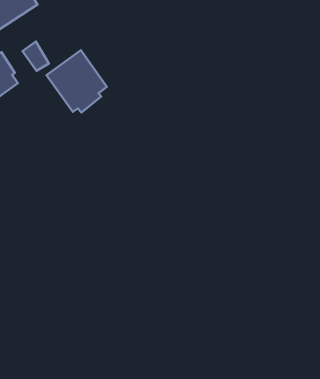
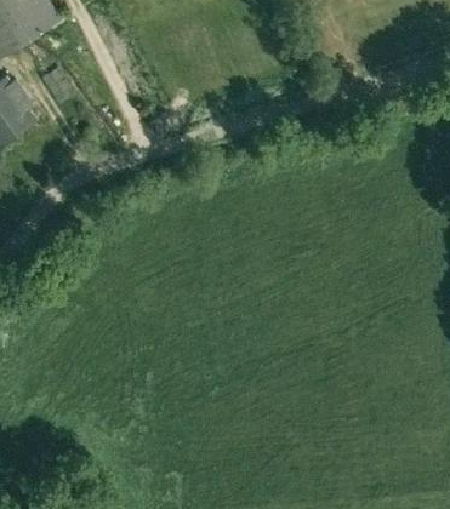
building: [47,50,107,113] -> none

